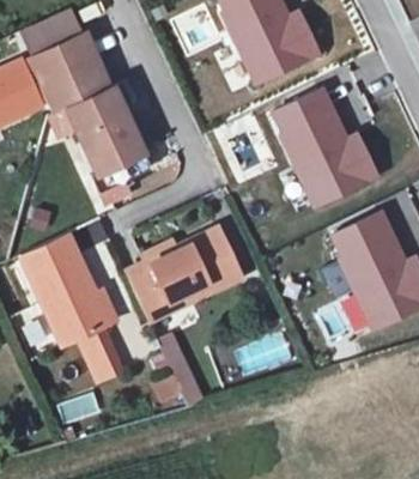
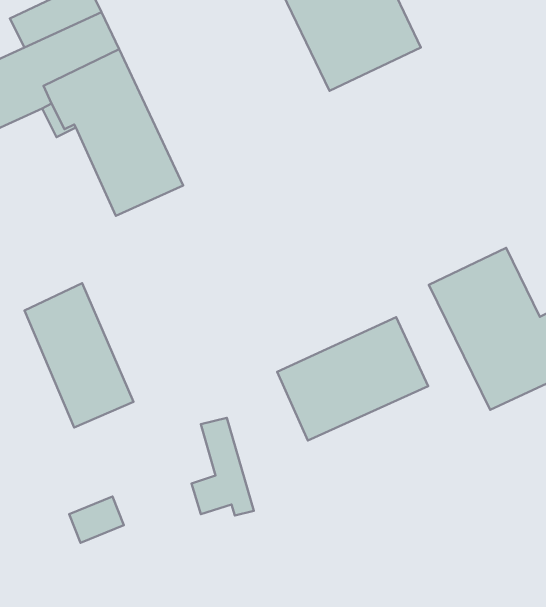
building: [267,90,379,211] -> none
building: [128,226,241,319] -> [277,317,428,441]
building: [75,322,122,378] -> none

